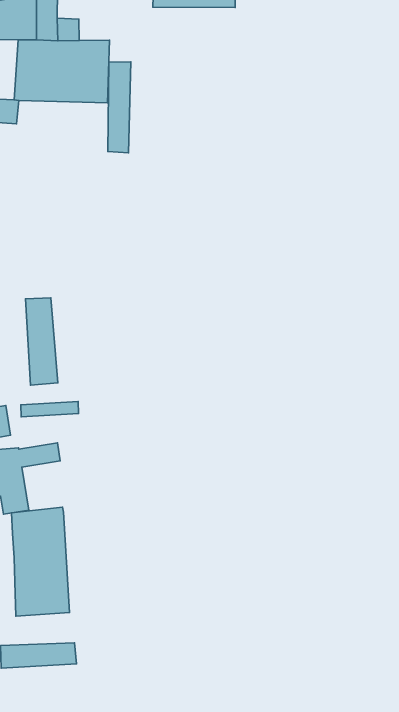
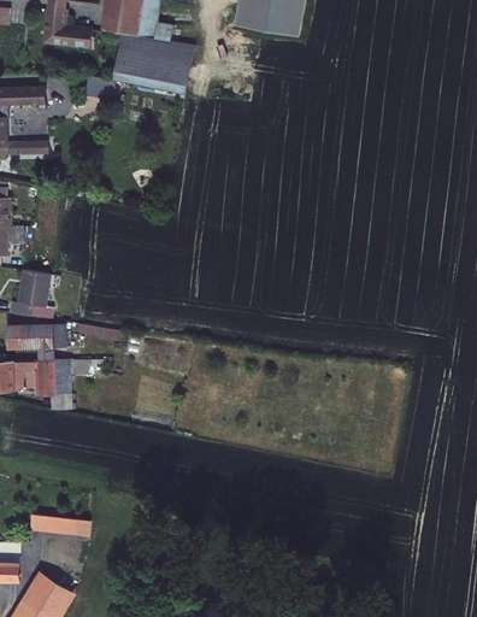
building: [108,62,131,153] -> none
building: [26,298,58,385] -> none
building: [11,507,70,616] -> none

